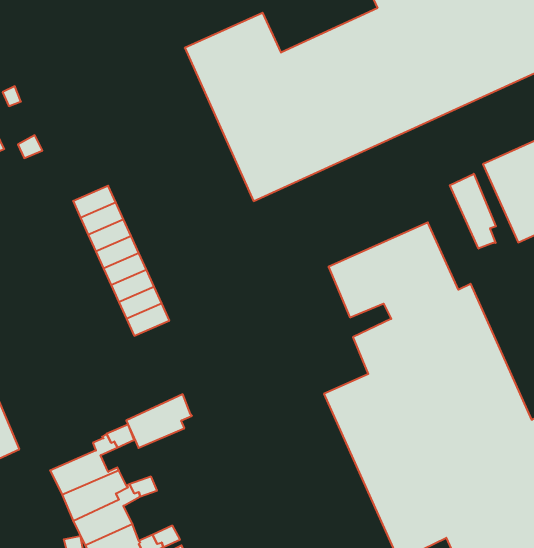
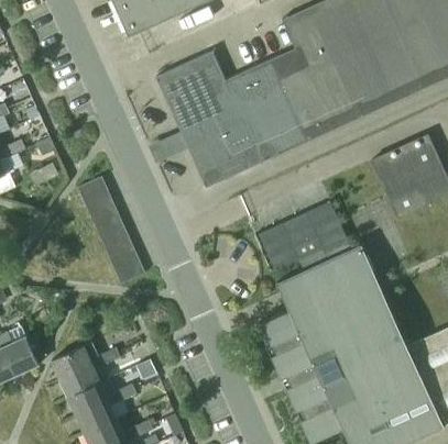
building: [450,174,496,249] -> none
building: [126,394,192,448] -> [51,342,98,380]

